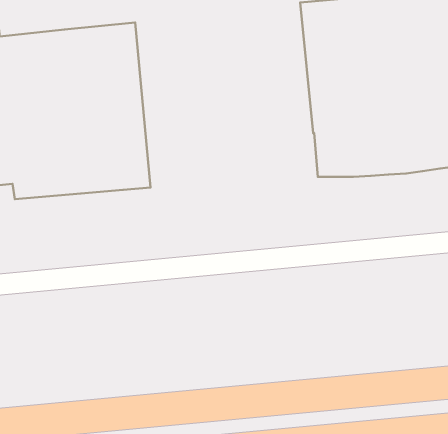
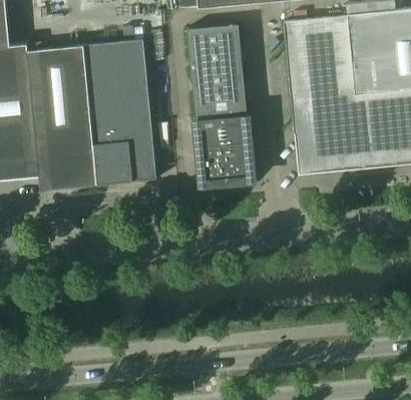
building: none -> [186,24,259,189]

